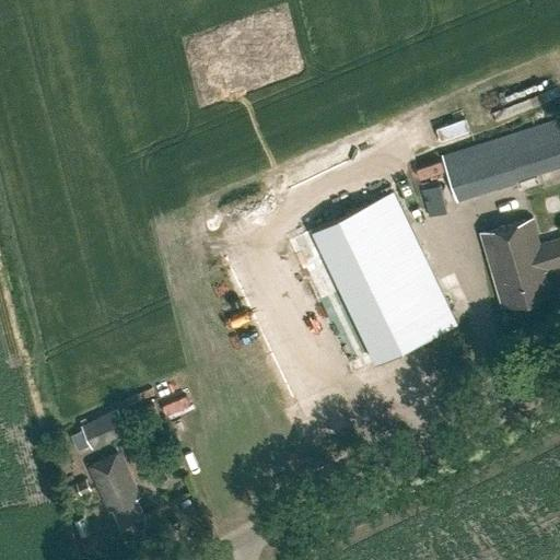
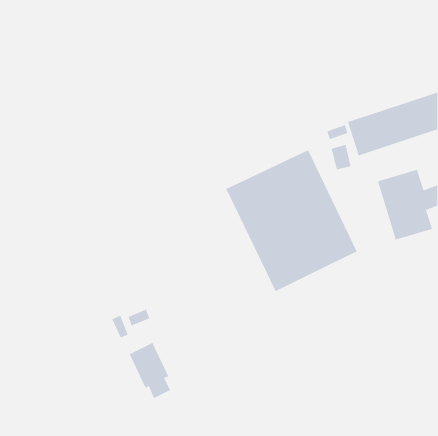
building: [82,411,128,451] -> none
building: [91,453,144,525] -> [129,342,171,399]

